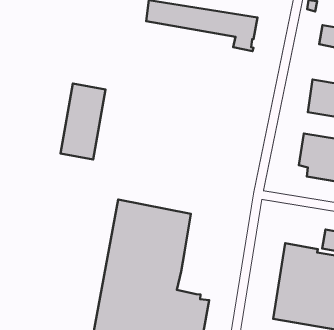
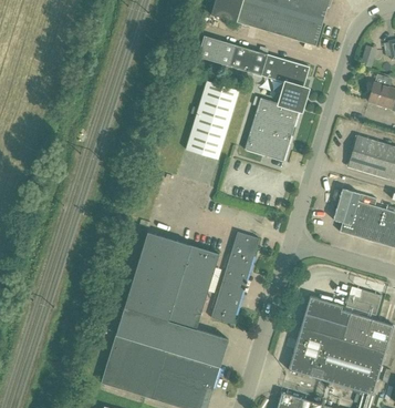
building: none -> [245,93,301,161]
building: [60,83,106,159] -> [186,81,239,160]
building: none -> [211,232,259,325]

